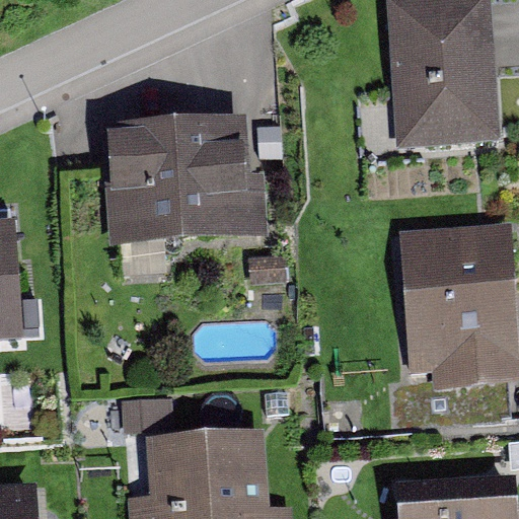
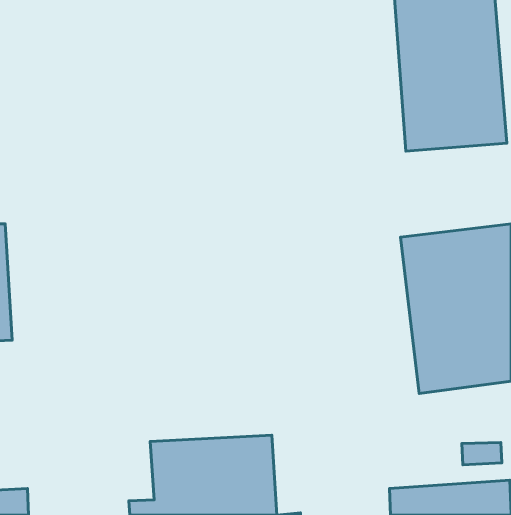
building: [101,117,270,254] -> none

